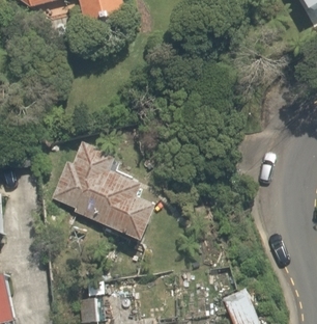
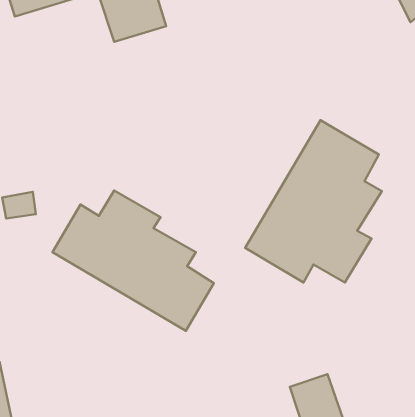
building: none -> [245,120,382,282]

